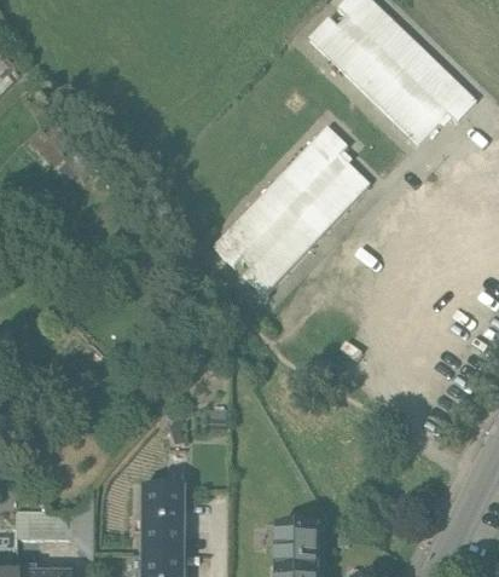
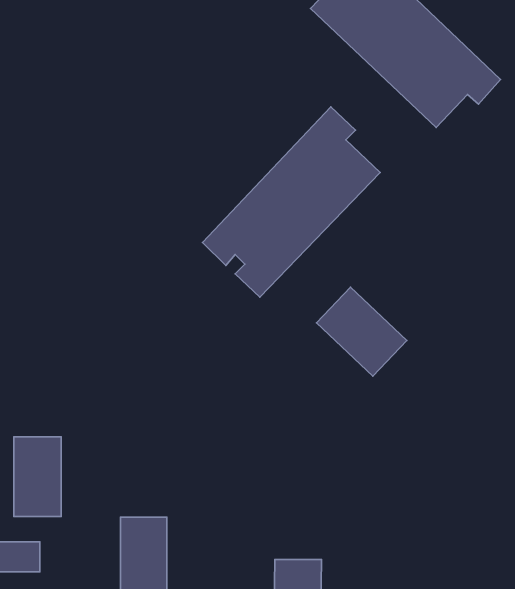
building: none -> [317,287,407,376]
building: none -> [14,437,61,516]

